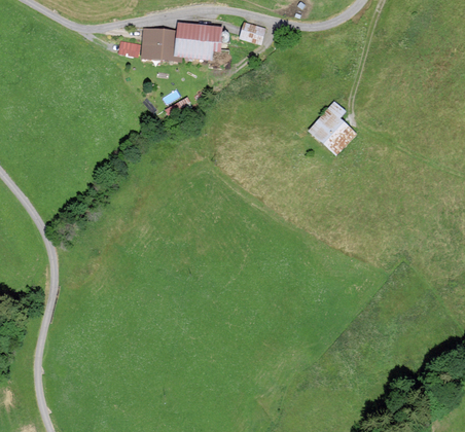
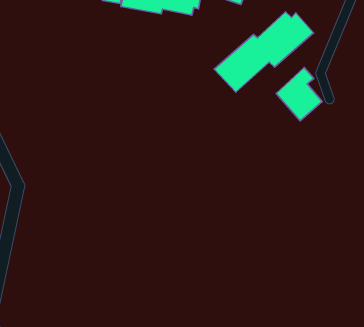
building: none -> [214,12,313,92]

